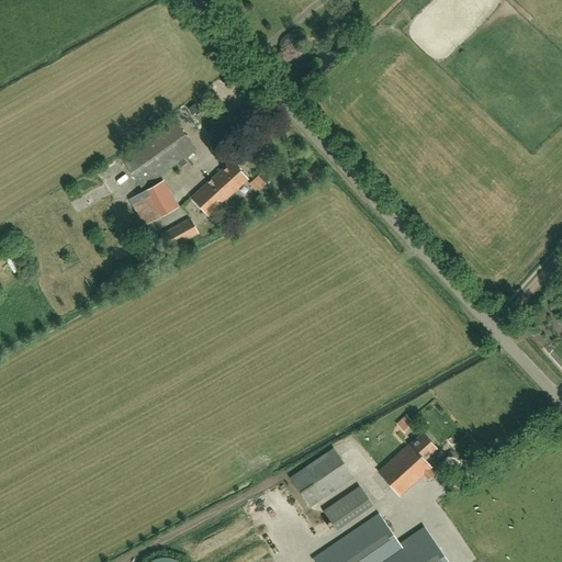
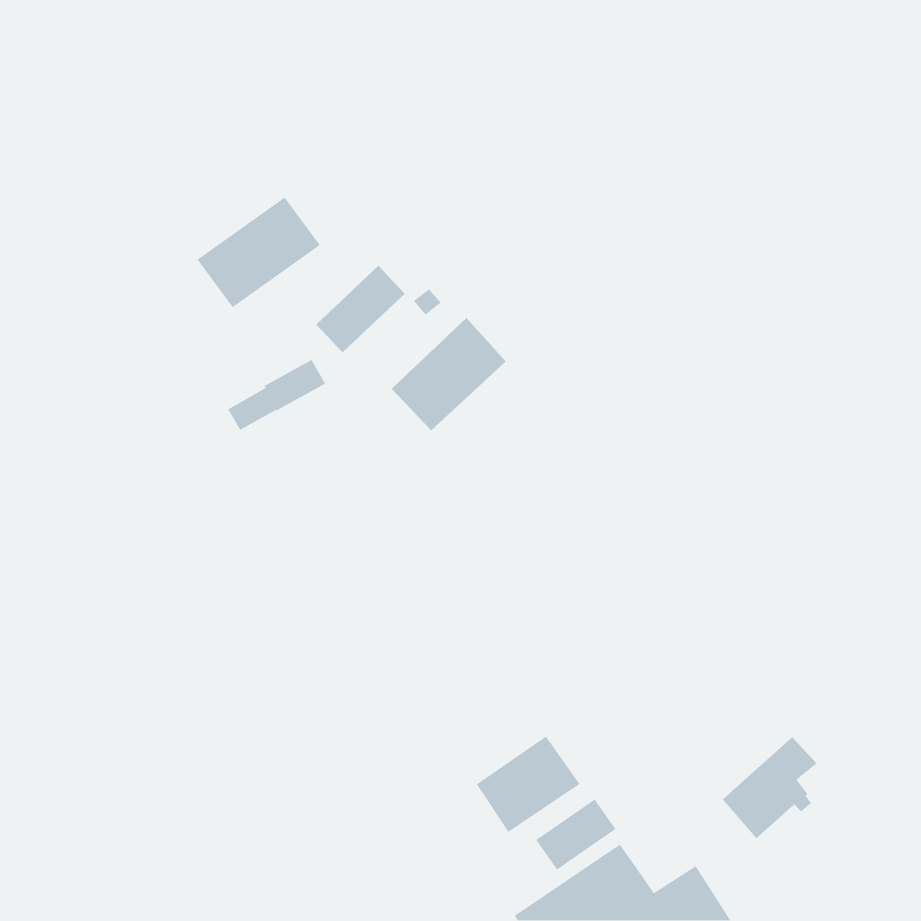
building: [128,180,178,227] -> none
building: none -> [391,317,506,431]
building: [379,434,437,496] -> [722,737,817,839]

